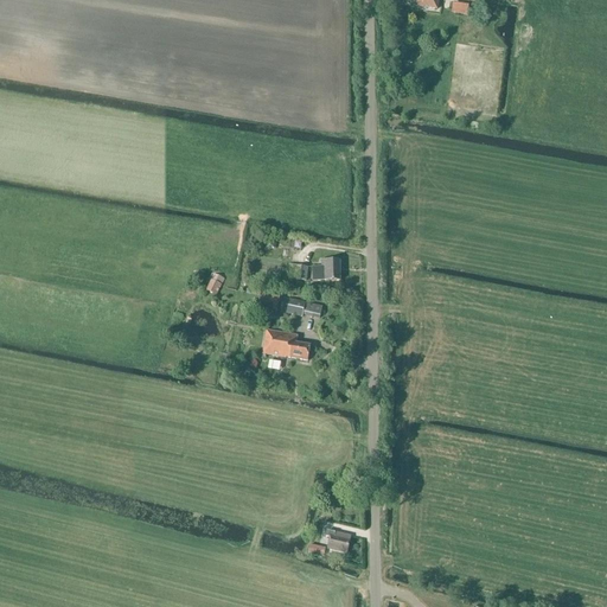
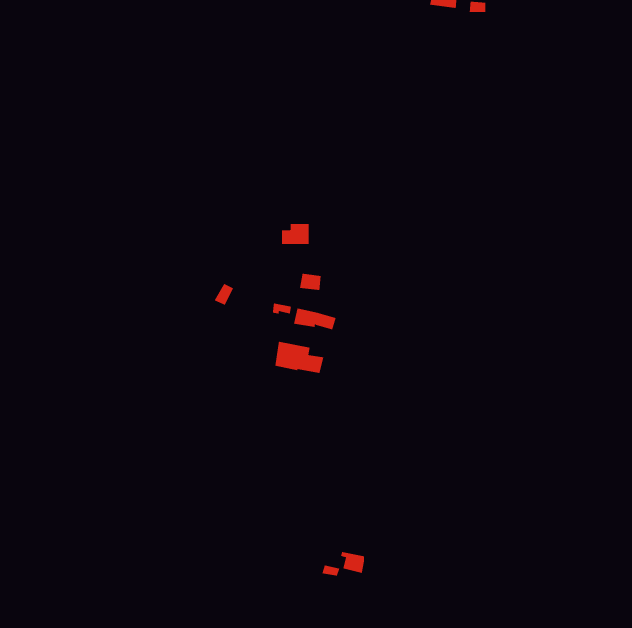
building: [313,258,340,279] -> [281,224,309,245]

